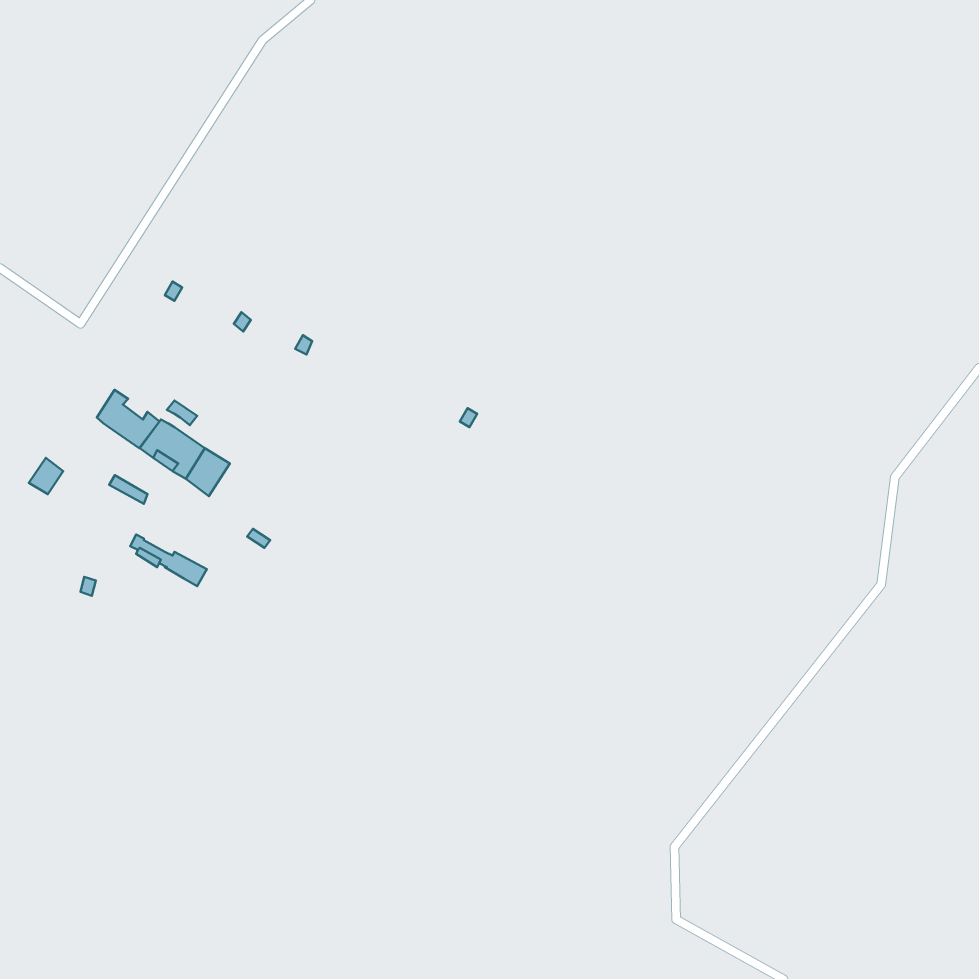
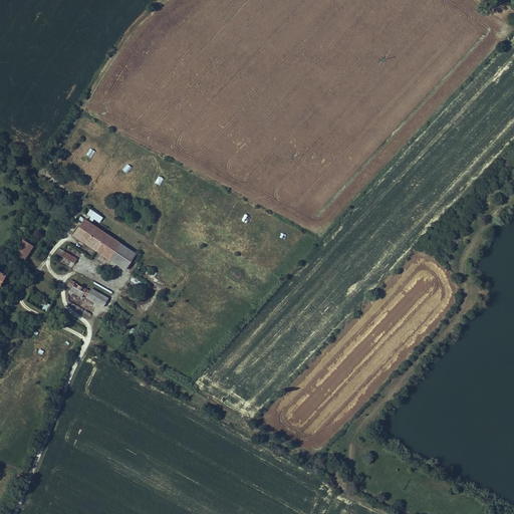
building: [97,390,159,448] -> none
building: none -> [109,243,137,270]

